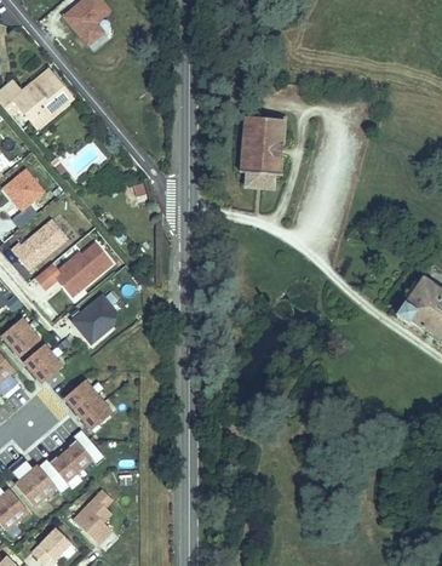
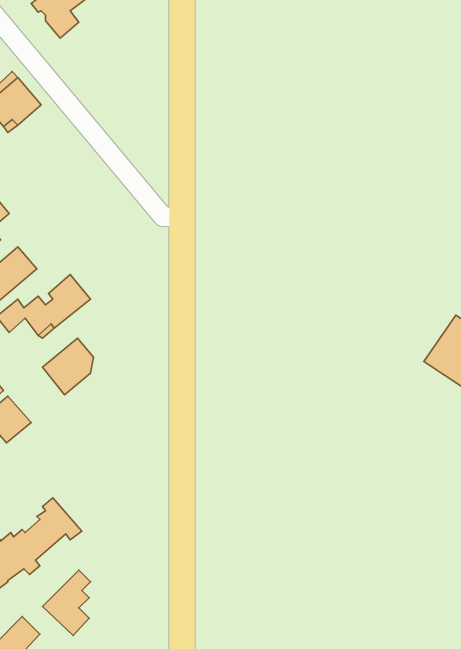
building: [234,118,283,194] -> none
building: [64,378,113,429] -> none

